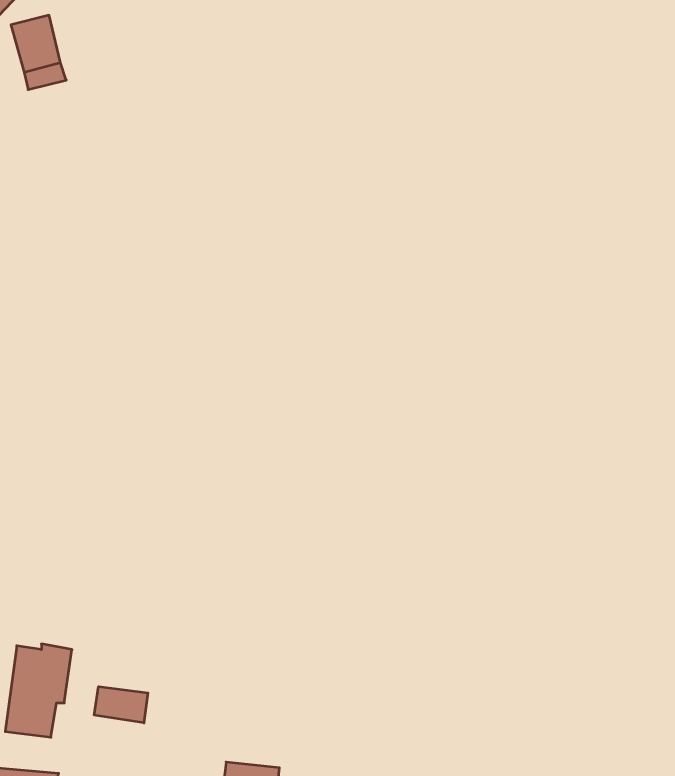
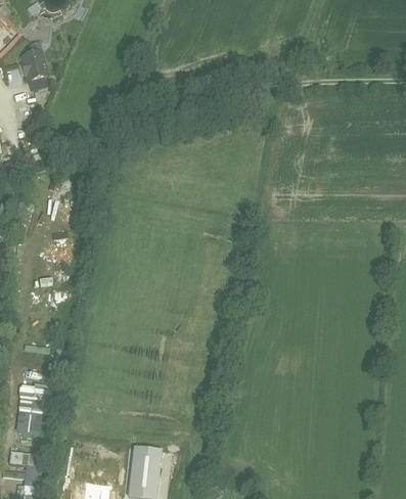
building: [94,687,148,723] -> none

